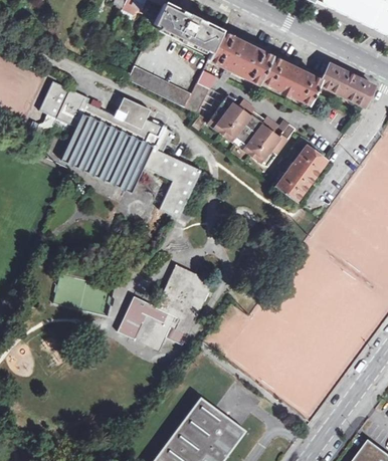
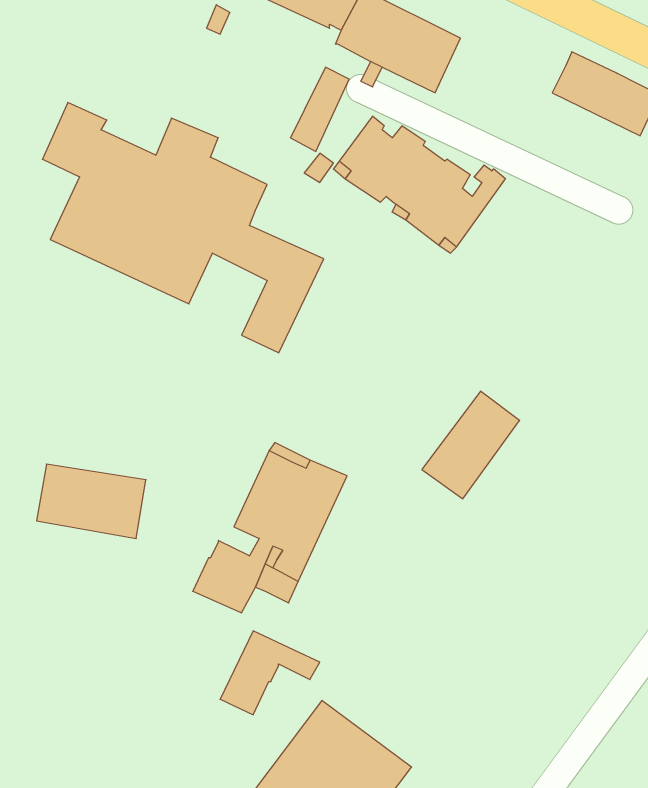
building: [260,56,321,104] -> none
building: [128,66,191,107] -> none
building: [39,81,69,119] -> none
building: [275,146,326,201] -> [422,391,520,499]
building: [117,297,168,340] -> [220,631,320,715]

